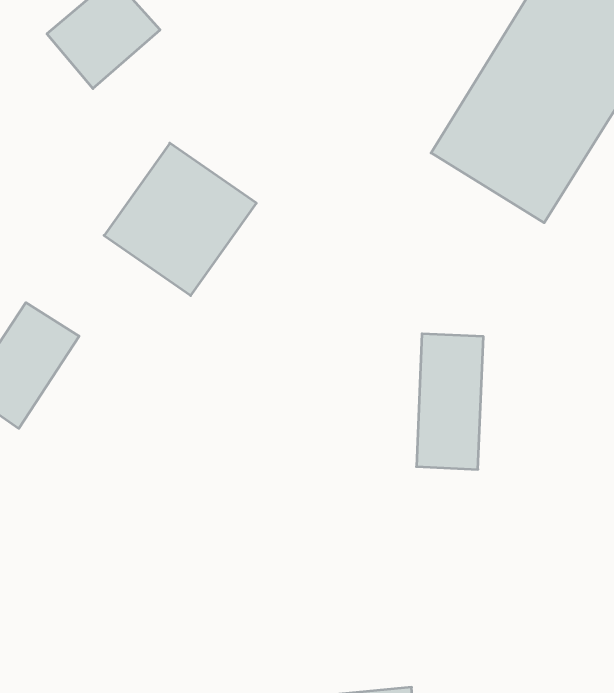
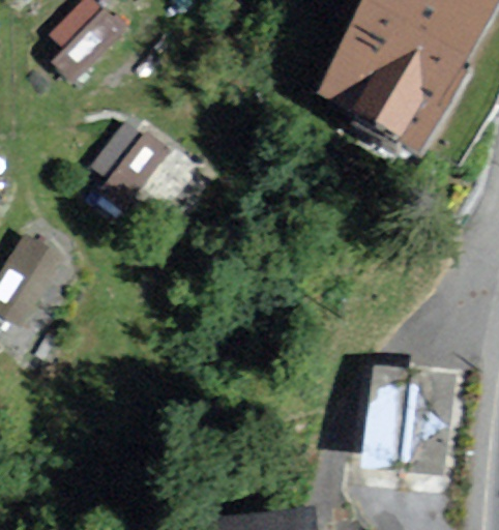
building: [416,334,483,469] -> [360,361,410,462]

